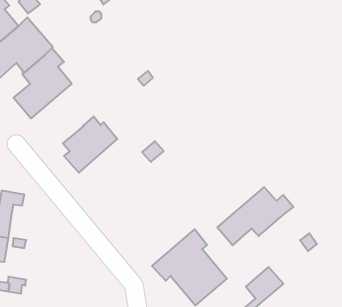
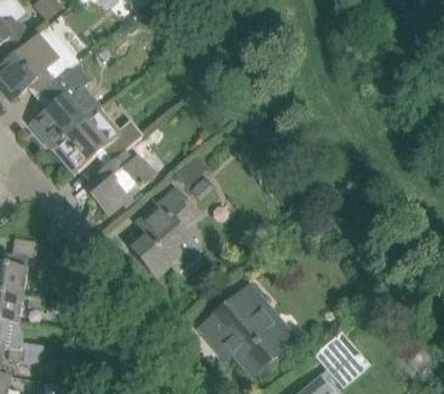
building: none -> [51,106,143,174]
building: none -> [133,189,198,276]
building: [217,187,293,245] -> none

